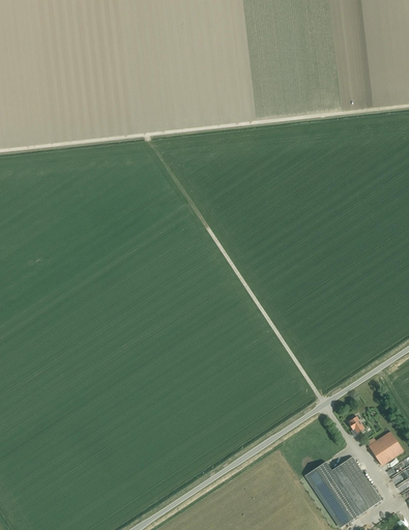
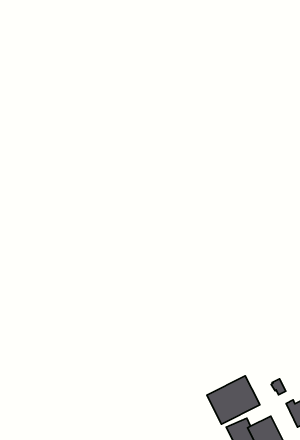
building: none -> [207,376,260,424]

